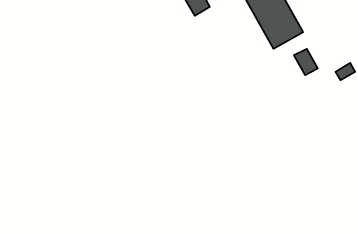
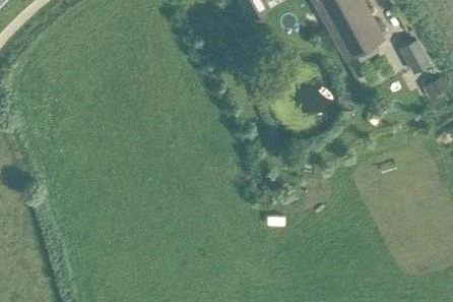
building: [294,49,318,75] -> [401,42,431,74]

